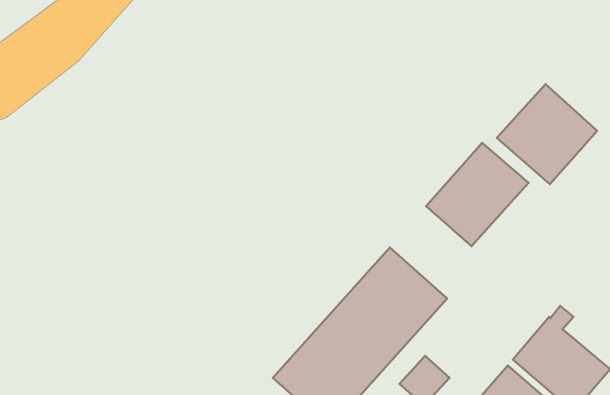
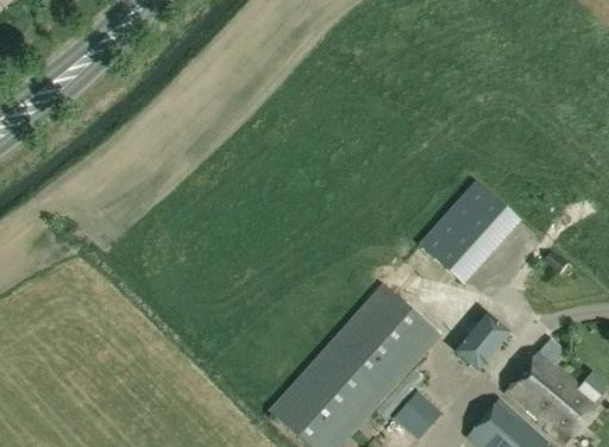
building: [497,84,597,184] -> none
building: none -> [456,314,508,370]

